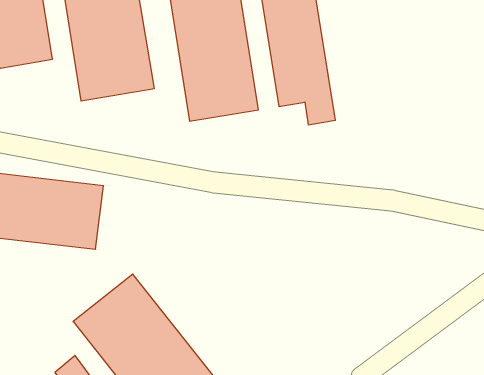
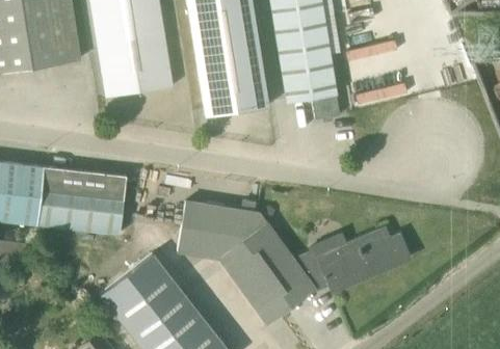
building: none -> [177,200,409,324]

